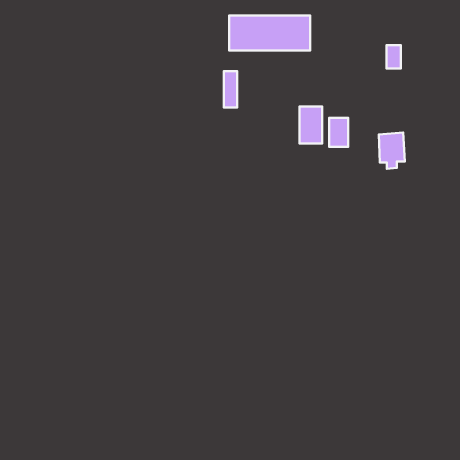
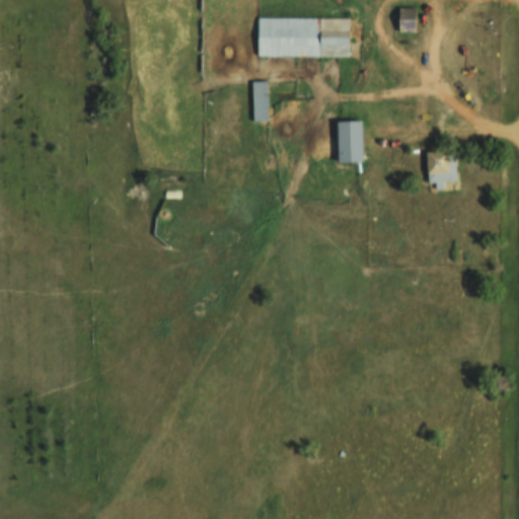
building: [386,45,401,68] -> [399,6,416,32]
building: [329,118,348,147] -> none

